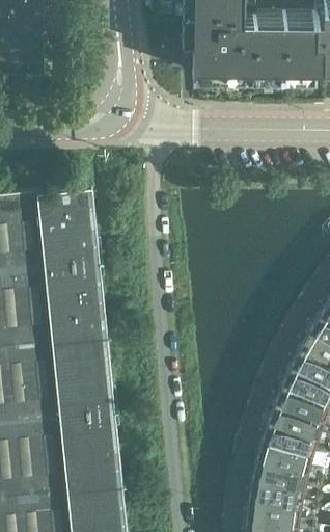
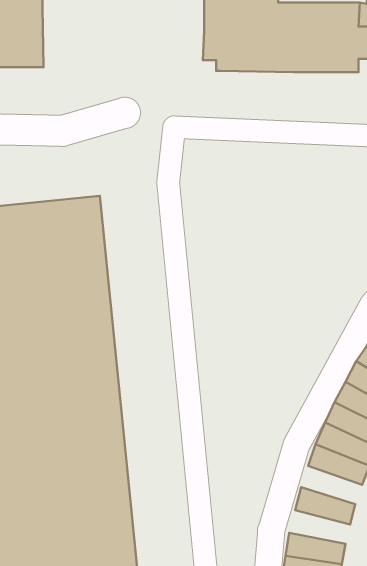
building: [266,418,319,451] -> none
building: [255,456,308,485] -> none

